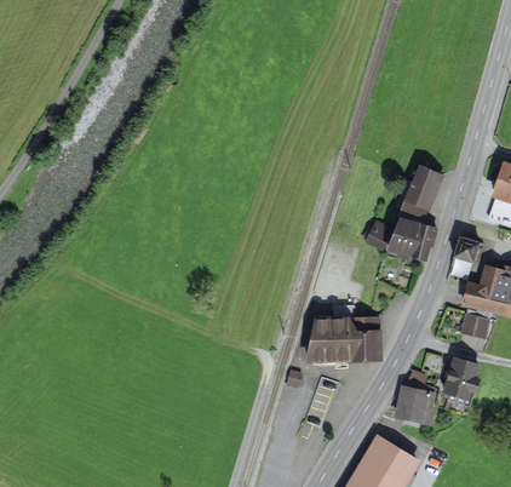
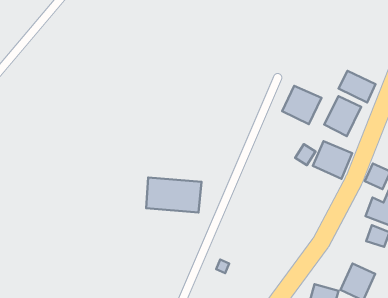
building: none -> [339,71,376,102]
building: none -> [282,86,322,124]
building: [316,321,379,359] -> [146,178,201,212]

